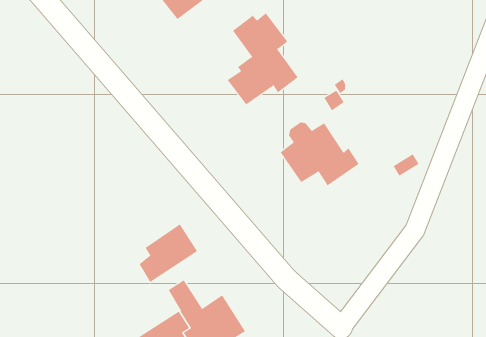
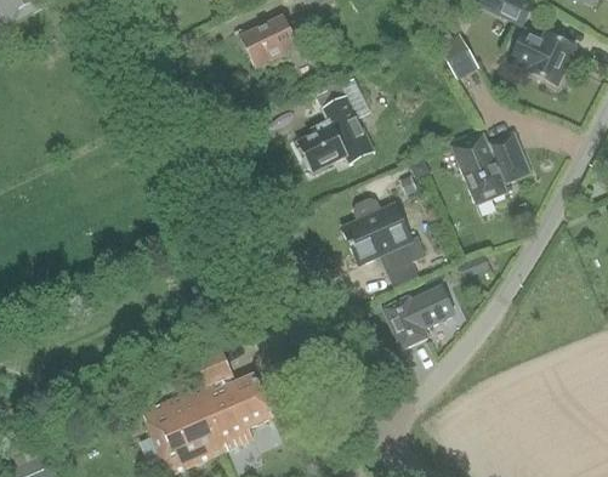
building: none -> [451,132,530,205]
building: none -> [383,285,455,348]
building: [139,224,198,283] -> none

